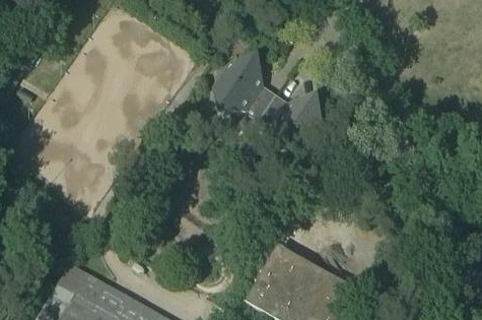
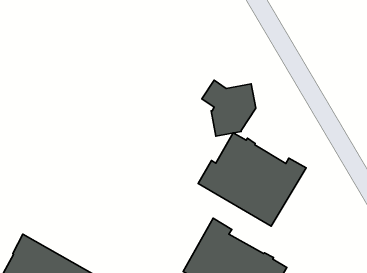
building: [214,58,277,116] -> none
building: none -> [198,133,306,226]

